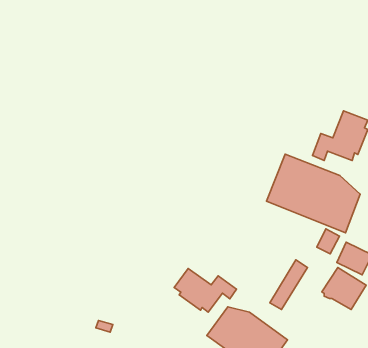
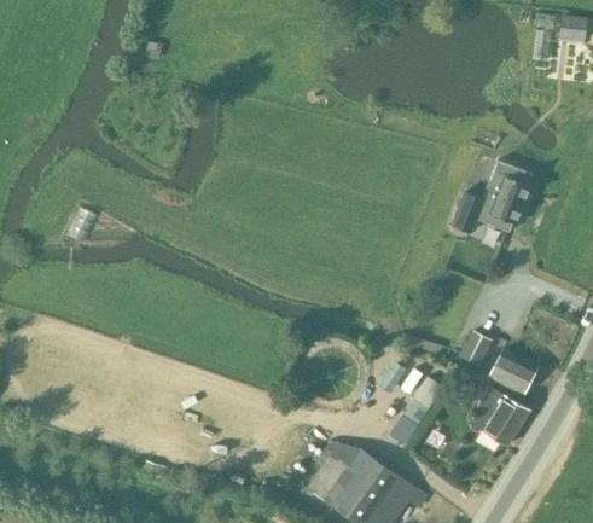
building: [267,154,360,233] -> none
building: [174,269,236,312] -> none

